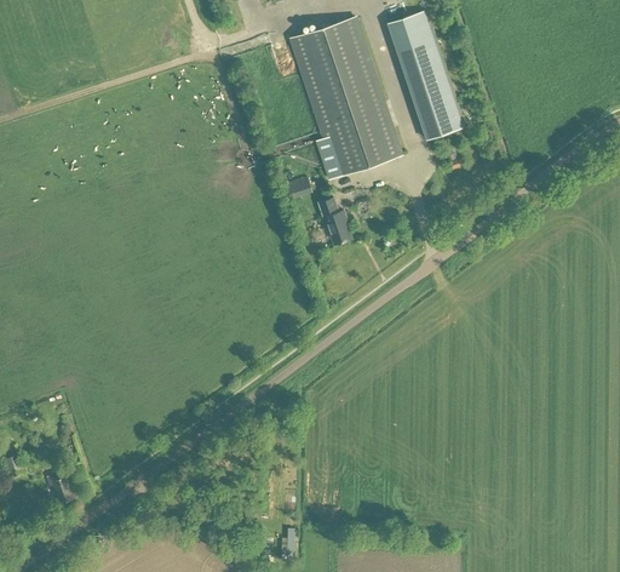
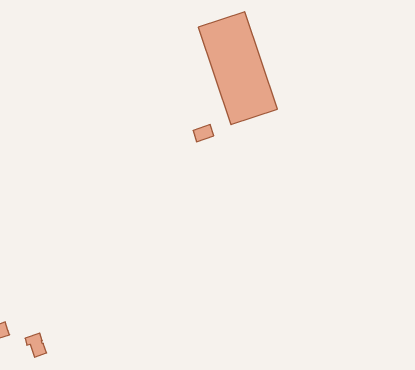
building: [388,12,461,139] -> none
building: [316,198,351,245] -> none

